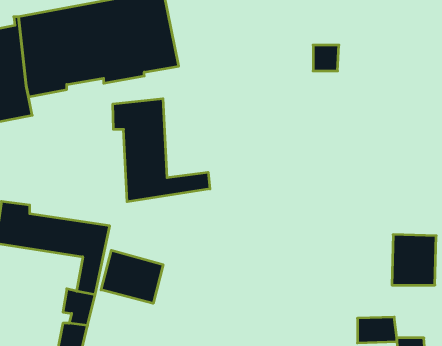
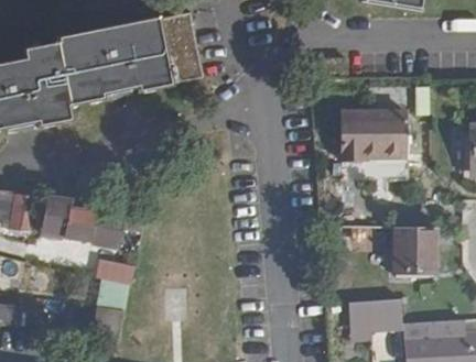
building: [113,99,210,202] -> none
building: none -> [346,114,399,164]
building: [101,250,163,303] -> none

